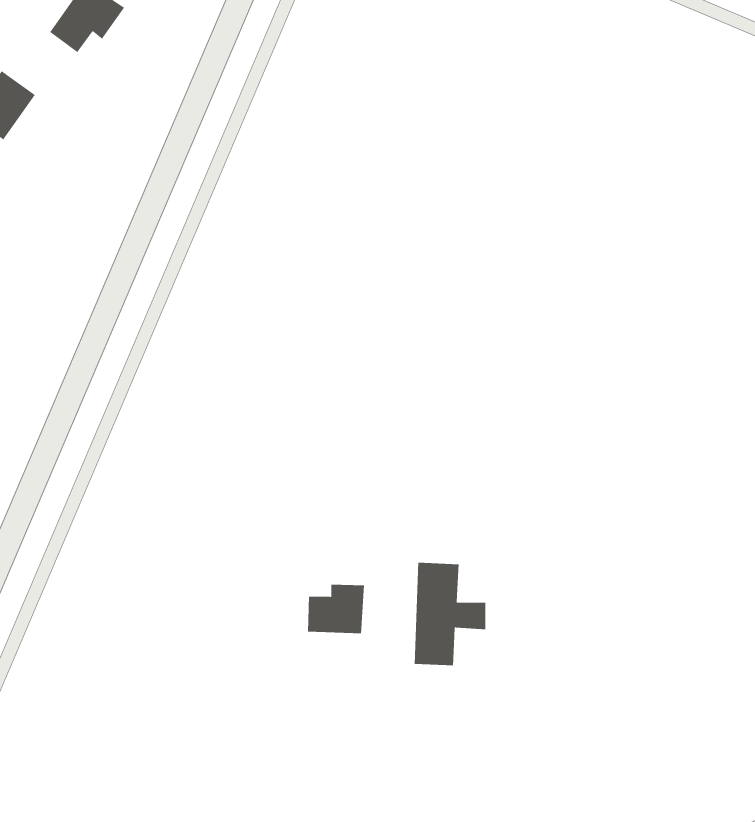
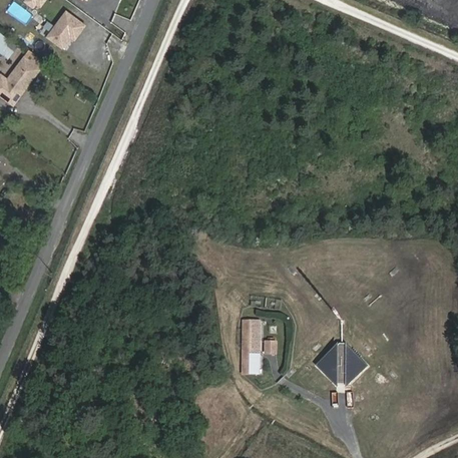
building: [307,584,365,634] -> none
building: none -> [313,337,365,389]

